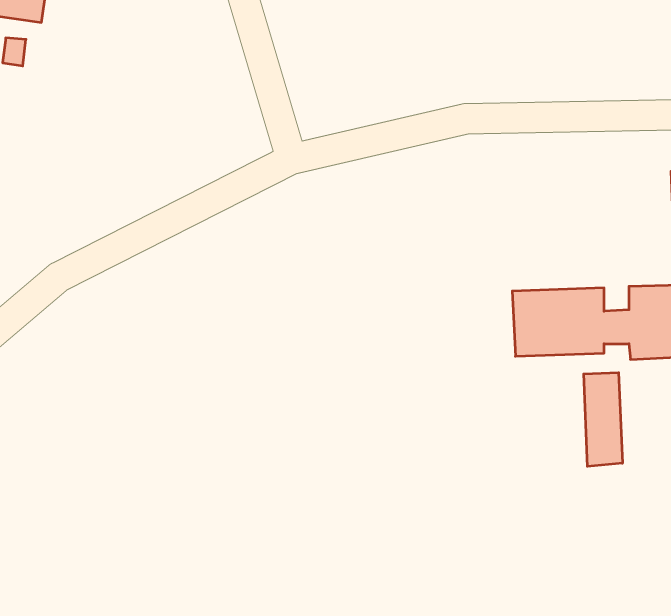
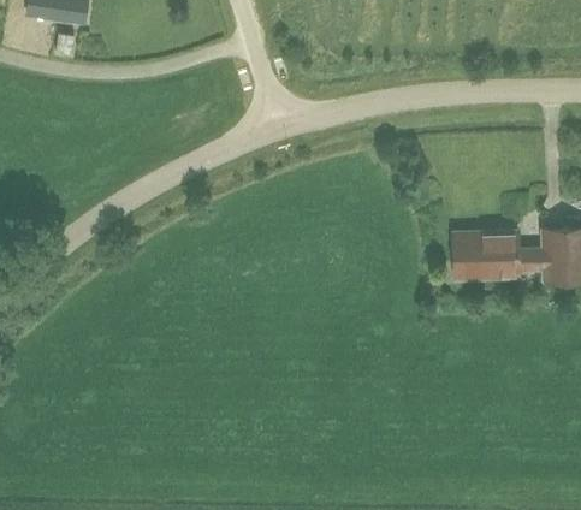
building: [584,373,622,466] -> none

